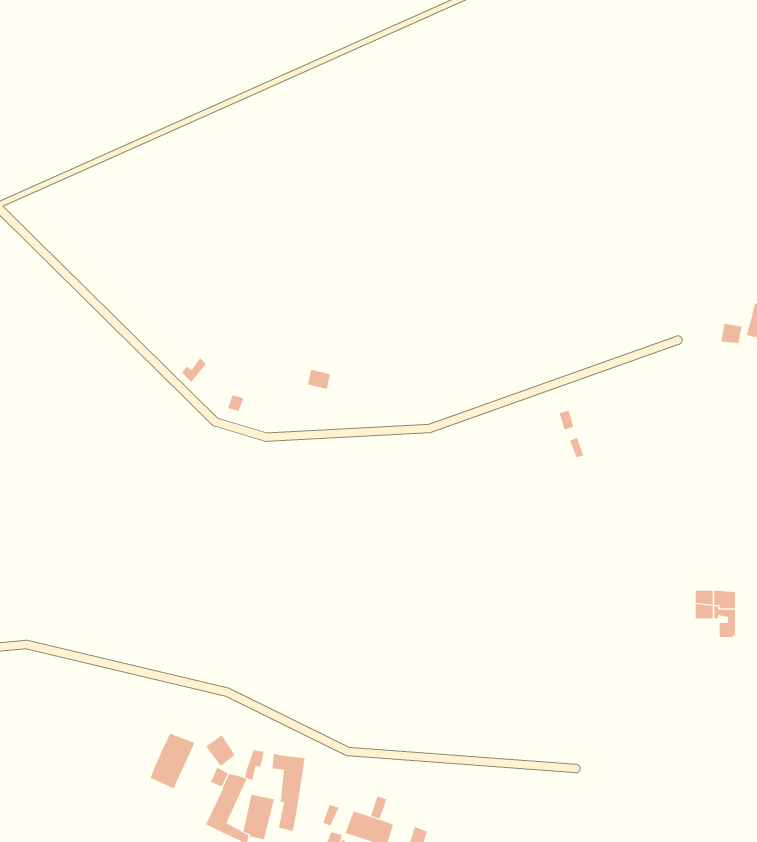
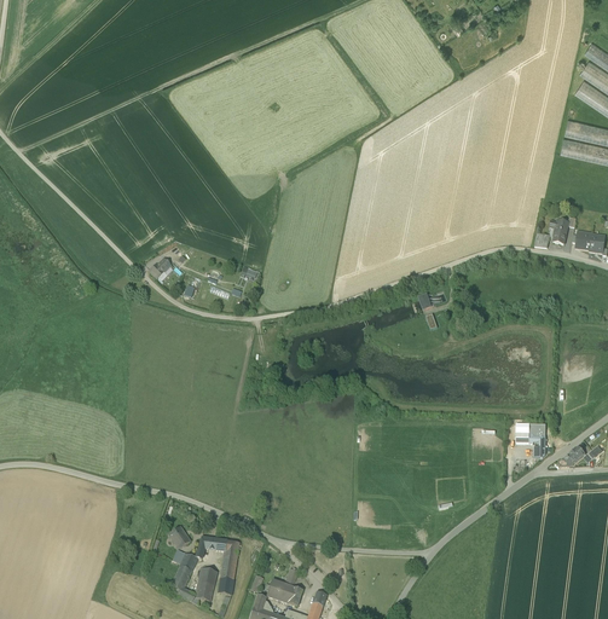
building: [150,733,195,789] -> none

